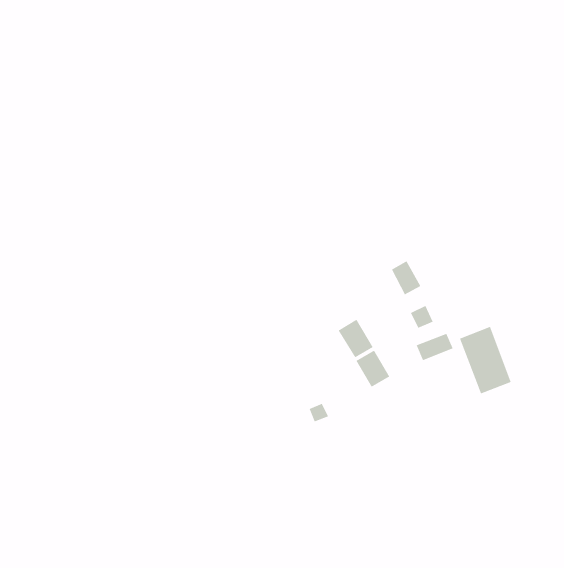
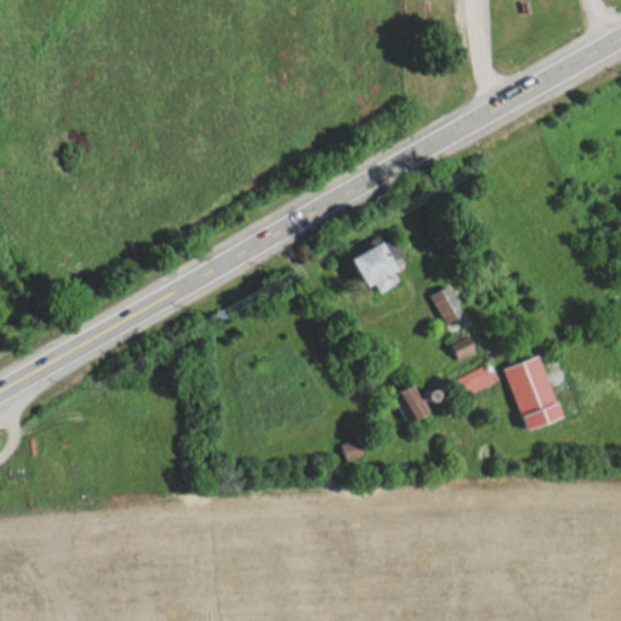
building: none -> [351,237,405,291]
building: [338,319,373,358] -> none

